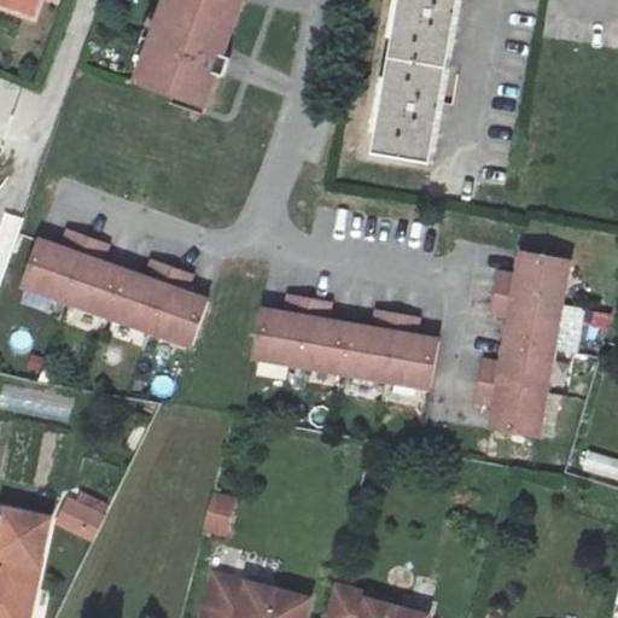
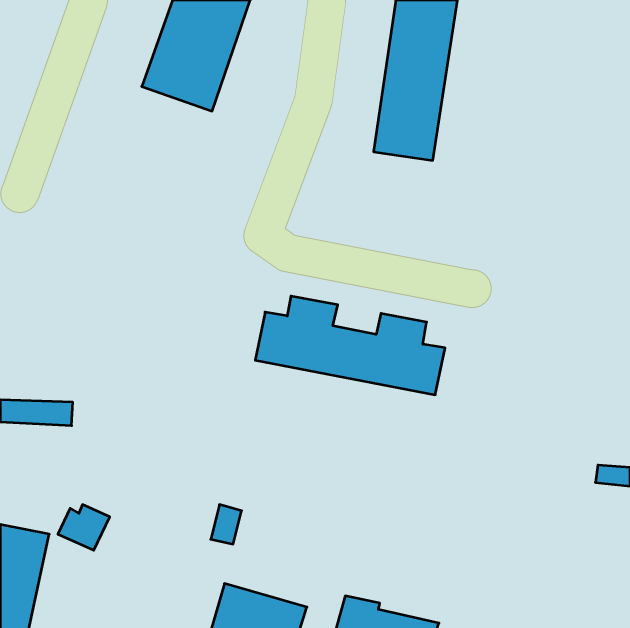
building: [21,226,206,343] -> none
building: [471,252,569,438] -> none

